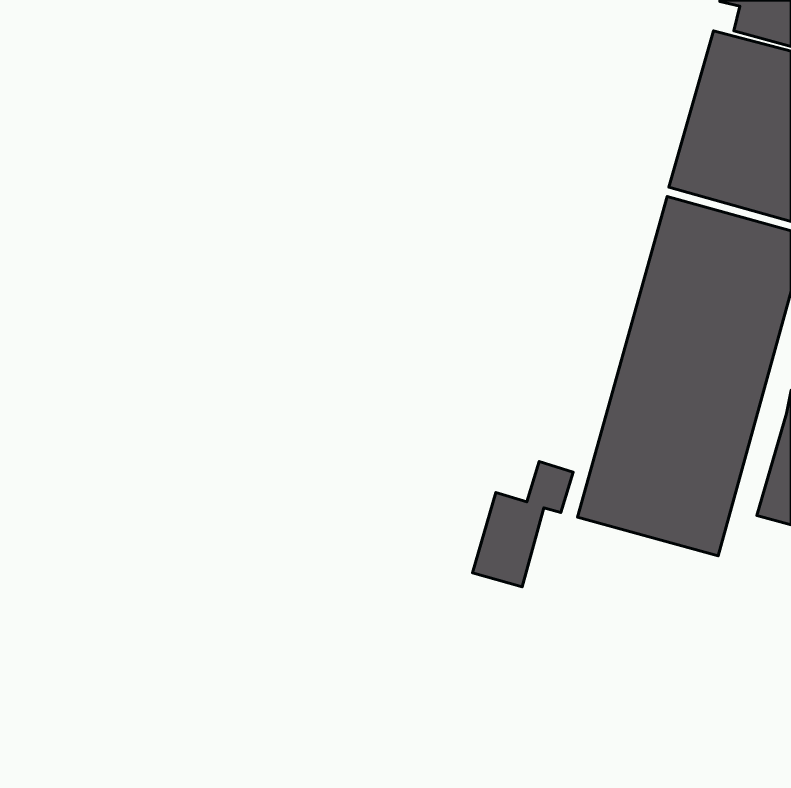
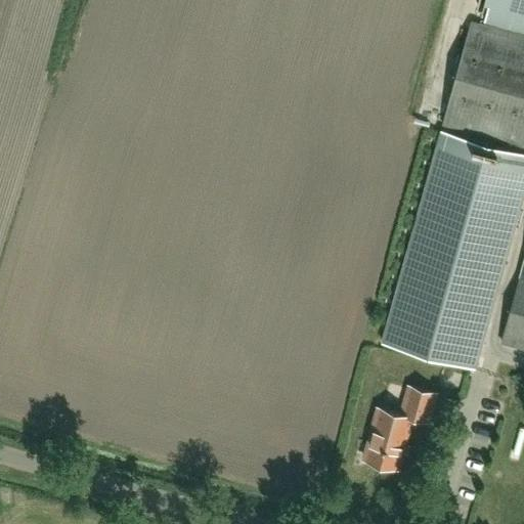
building: [473,461,573,587] -> [365,388,432,471]

